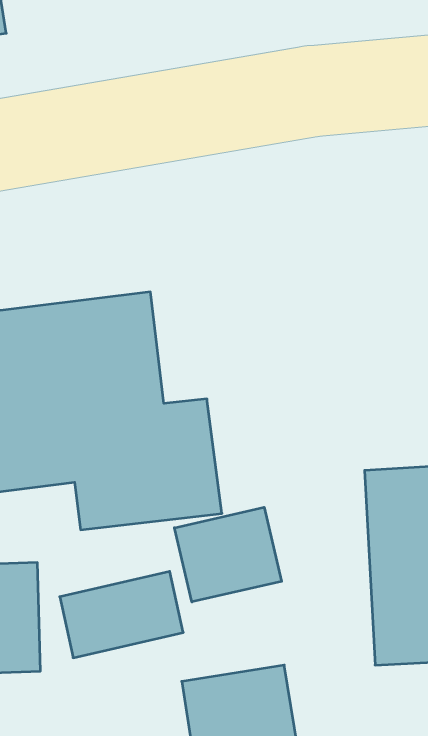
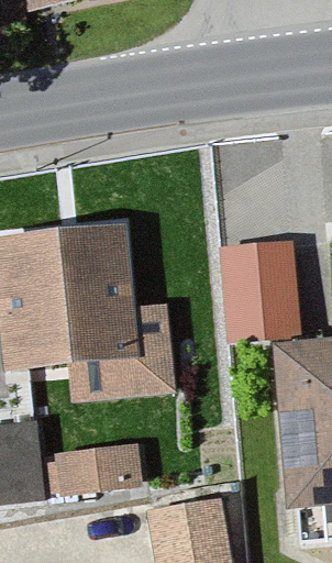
building: none -> [223,230,303,330]
building: [174,507,282,602] -> none

